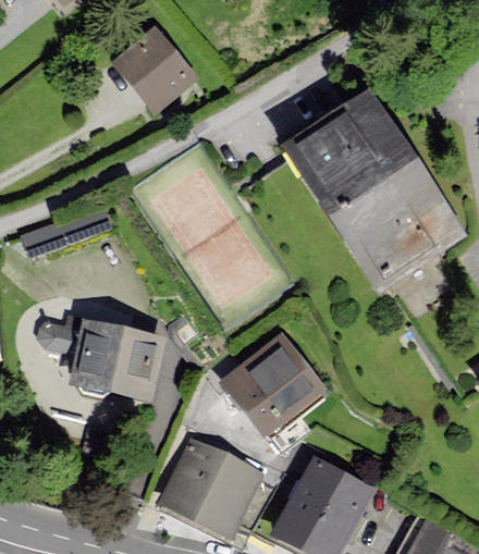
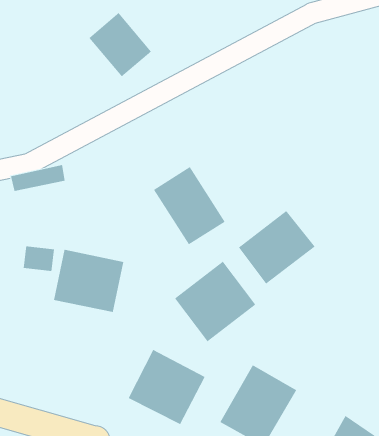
building: [288,91,462,286] -> none
building: none -> [153,166,226,245]
building: none -> [238,210,315,284]

